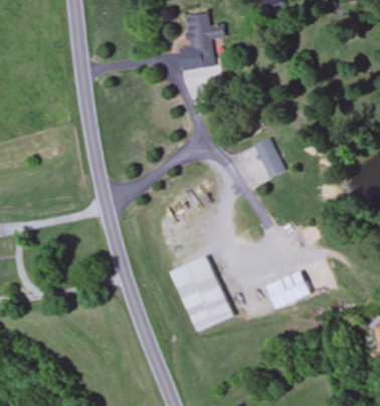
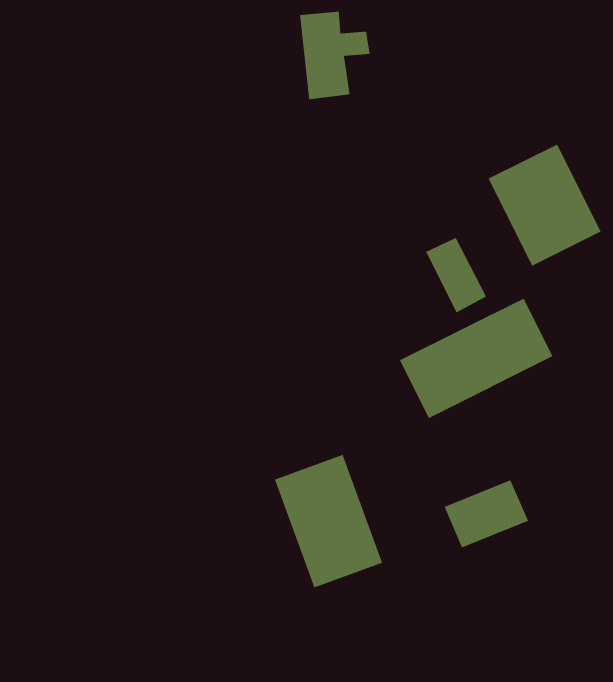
building: none -> [487,143,602,267]
building: none -> [399,297,553,419]

